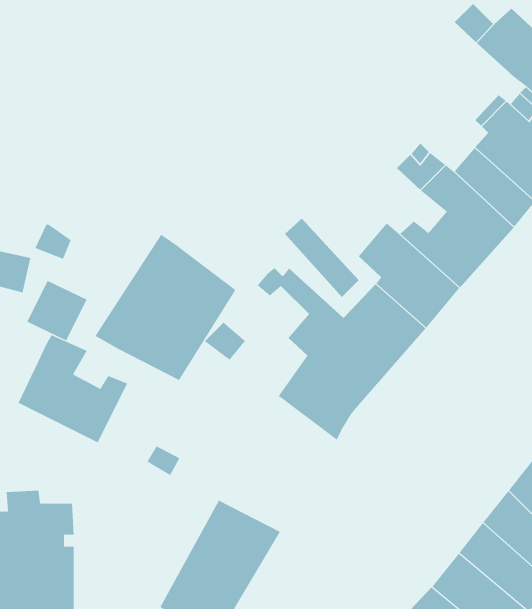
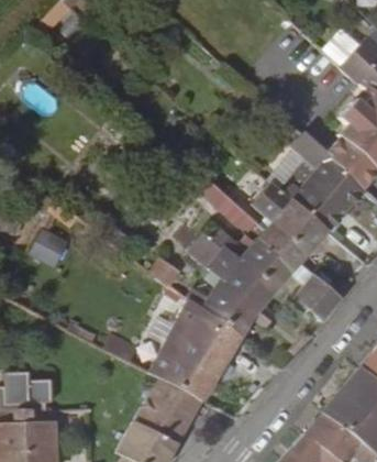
building: [95,233,235,381] -> [144,298,241,399]
building: [18,334,128,443] -> none
building: none -> [296,274,344,320]

